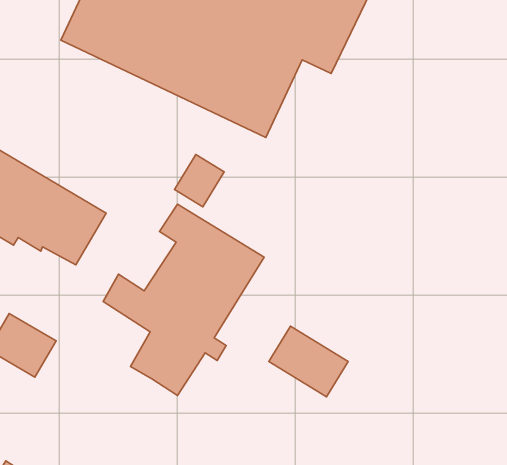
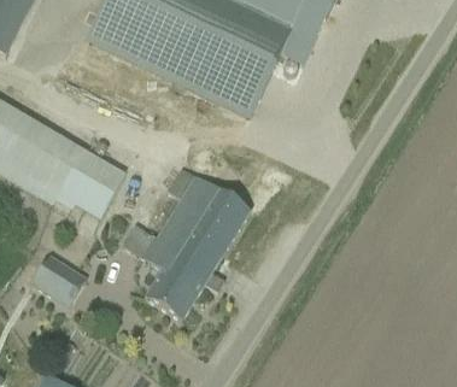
building: [174,155,224,207] -> none
building: [269,326,348,397] -> none

